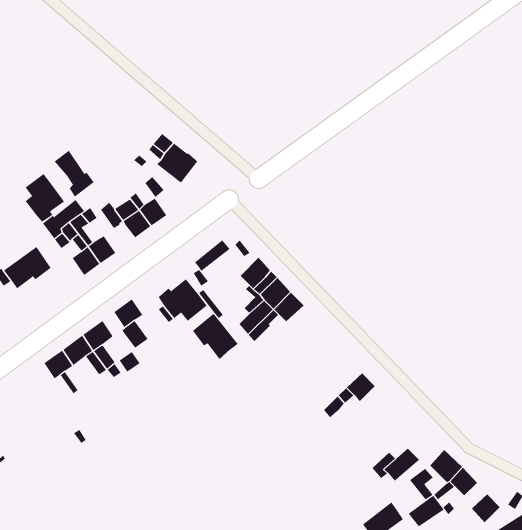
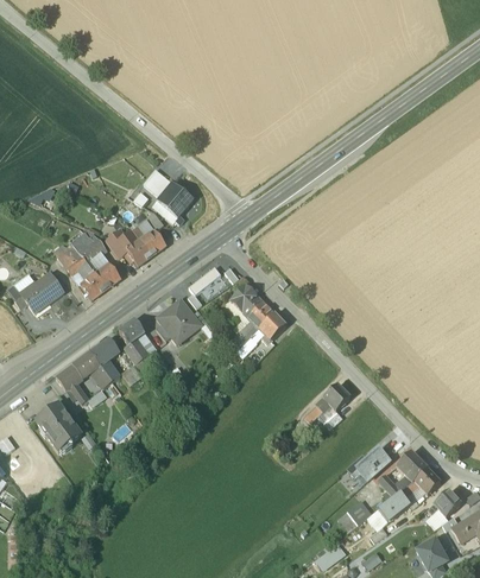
building: [54,150,95,197] -> none
building: [25,173,65,223] -> none
building: [192,313,239,360] -> none
building: none -> [36,405,81,451]

